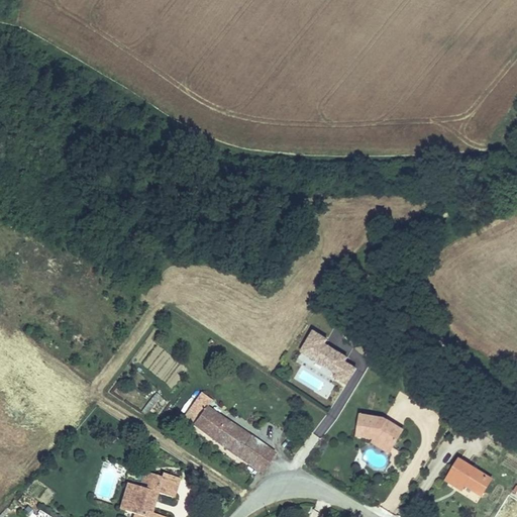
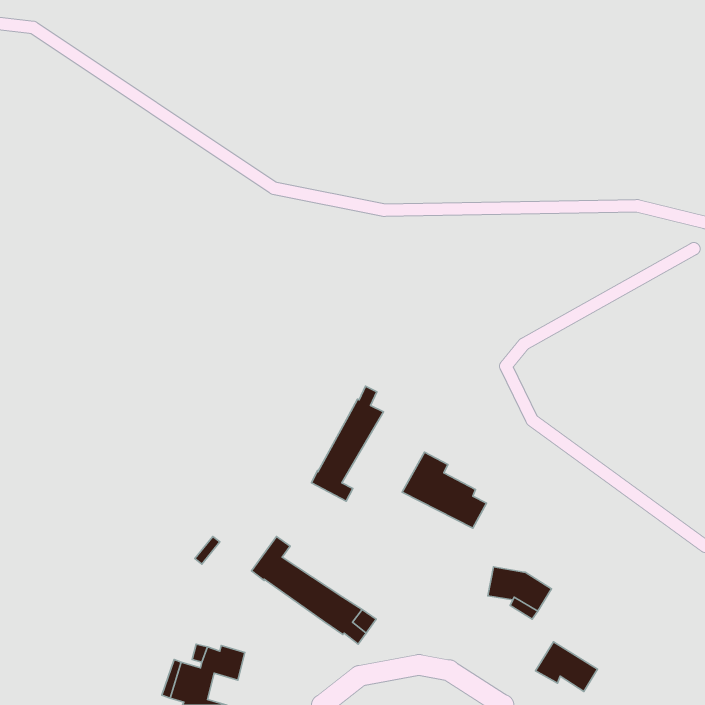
building: none -> [312,386,384,501]
building: [446,458,492,495] -> [535,642,598,691]

